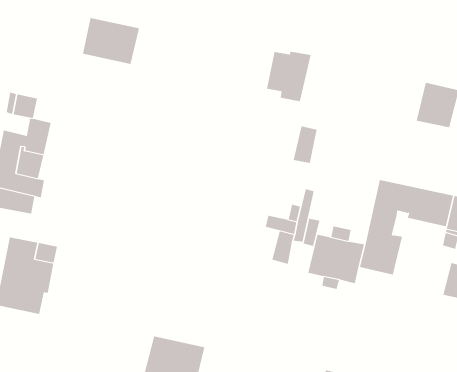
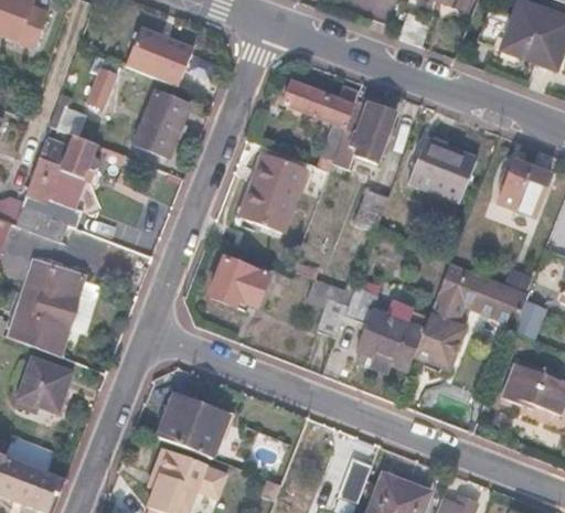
building: none -> [282,84,358,170]
building: none -> [88,56,121,107]
building: none -> [136,92,190,156]
building: none -> [411,139,478,203]
building: none -> [241,153,307,234]
building: none -> [209,258,267,307]
building: none -> [17,356,73,413]

